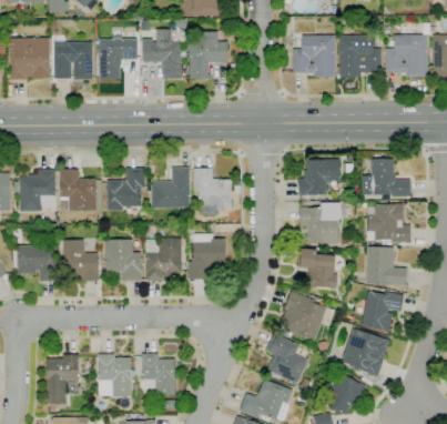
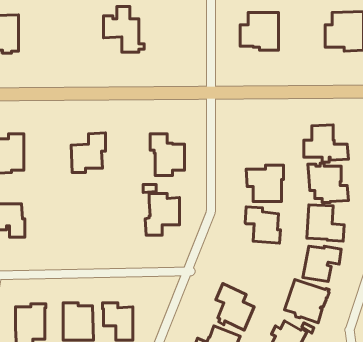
building: [190,32,228,79] -> none
building: [339,36,382,78] -> none
building: [99,39,138,79] -> none
building: [54,42,93,80] -> none
building: [299,159,341,195] -> none
building: [152,168,191,208] -> none
building: [60,170,96,211] -> none
building: [146,239,182,281] -> none
building: [63,240,99,281] -> none
building: [105,240,142,281] -> none
building: [278,292,327,341] -> none

